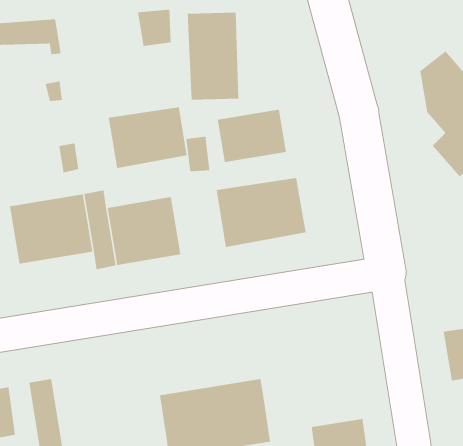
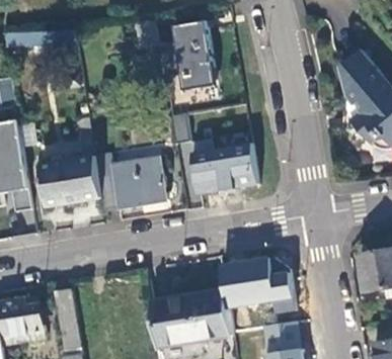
building: [108,106,187,169] -> none
building: [217,109,287,163] -> none
building: none -> [220,252,296,308]

